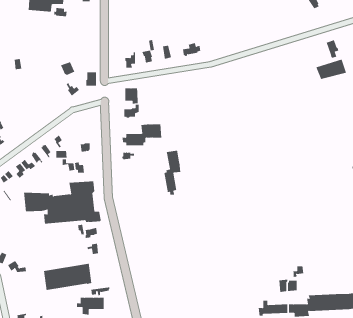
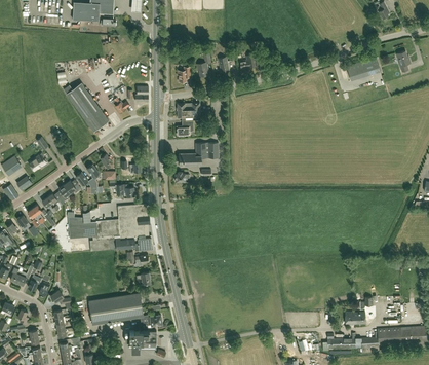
building: [316,59,347,80] -> [347,57,381,79]
building: none -> [67,83,109,132]
building: [164,150,181,195] -> none

